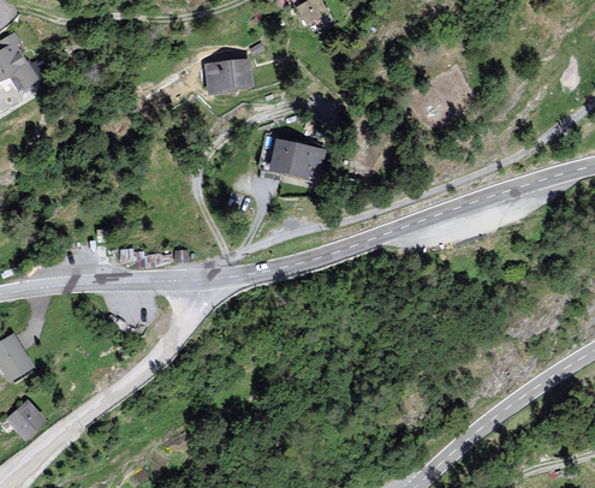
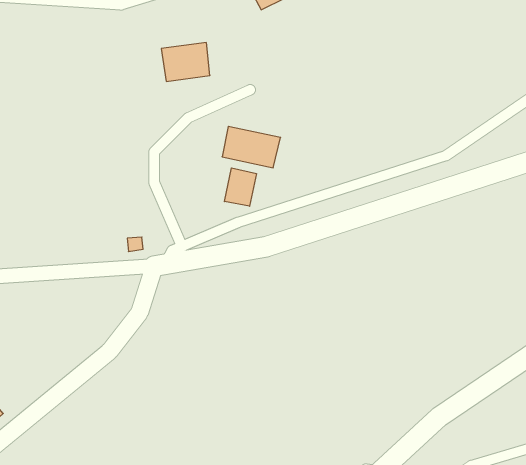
building: none -> [224,168,256,206]

